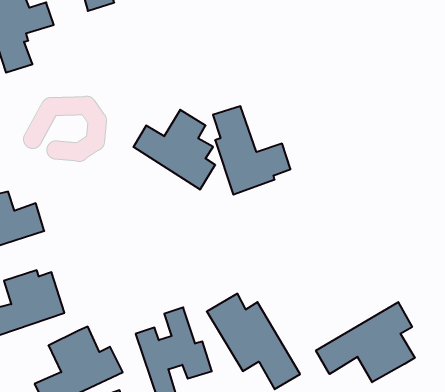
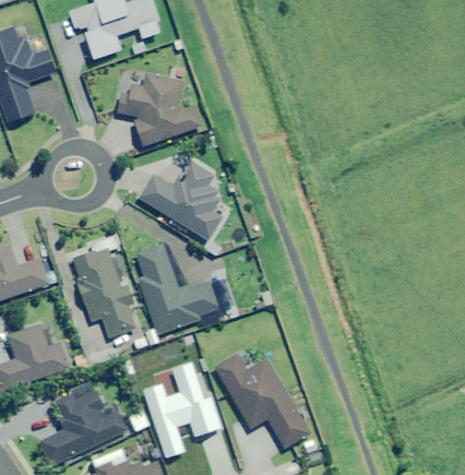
building: none -> [118,75,202,146]
building: [213,106,291,195] -> [136,245,216,335]
building: none -> [73,236,135,337]
building: [316,302,415,382] -> none

